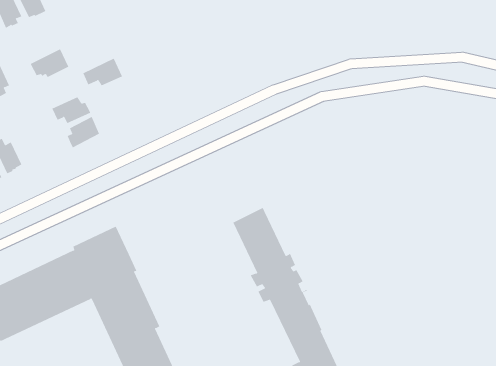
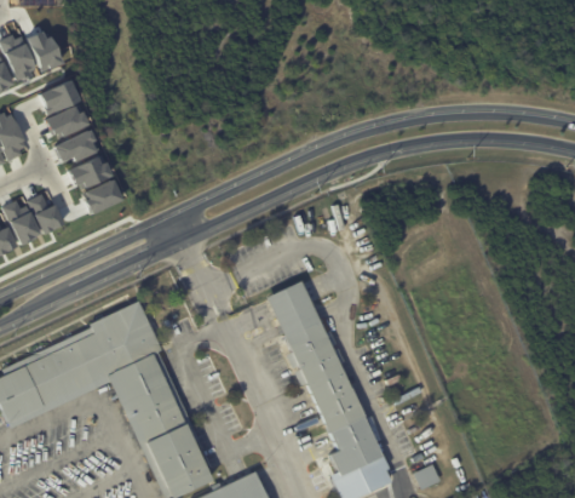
building: none -> [38,80,77,110]
building: [82,58,123,86] -> [53,130,98,161]
building: none -> [24,194,58,233]

